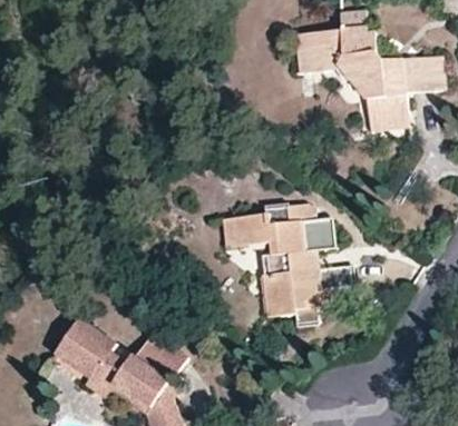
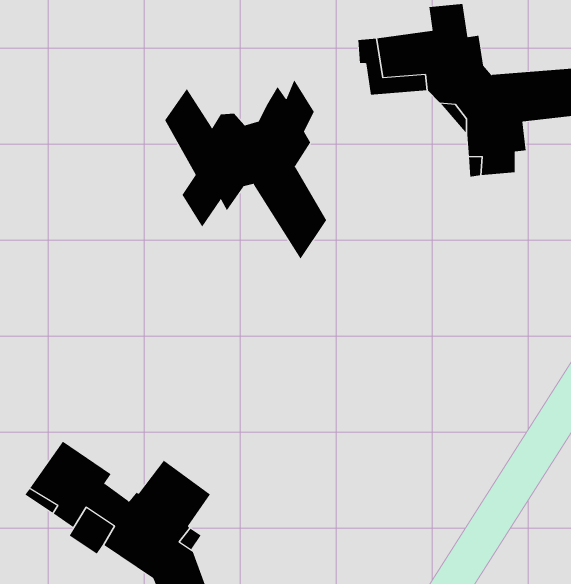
building: none -> [164,79,327,260]
building: [223,204,351,325] -> none

